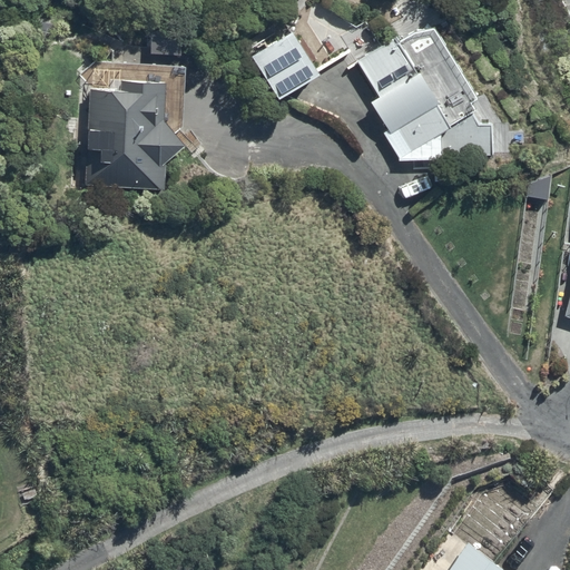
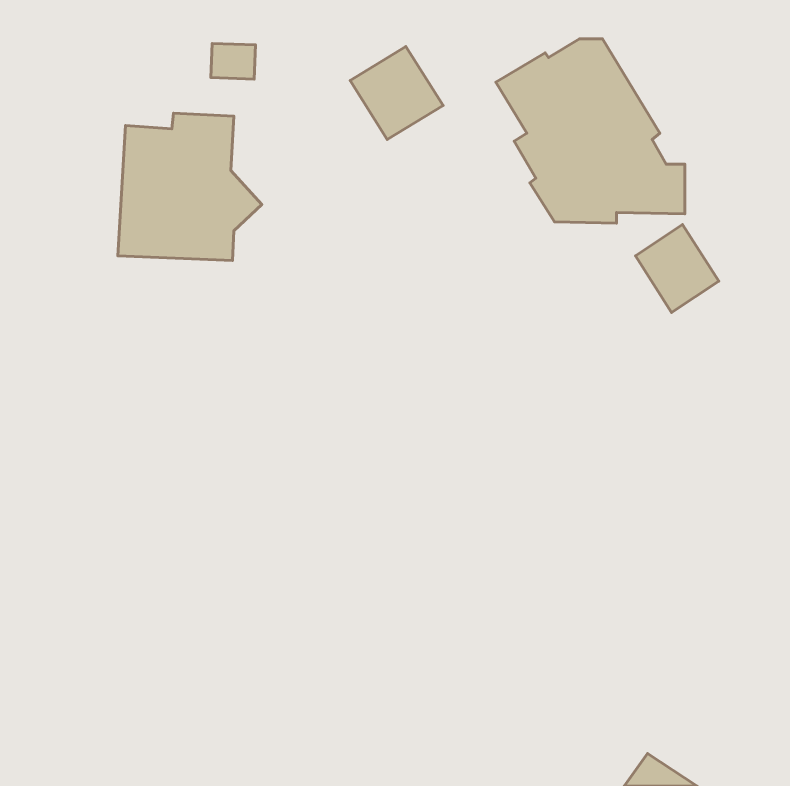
building: none -> [635,225,719,312]

